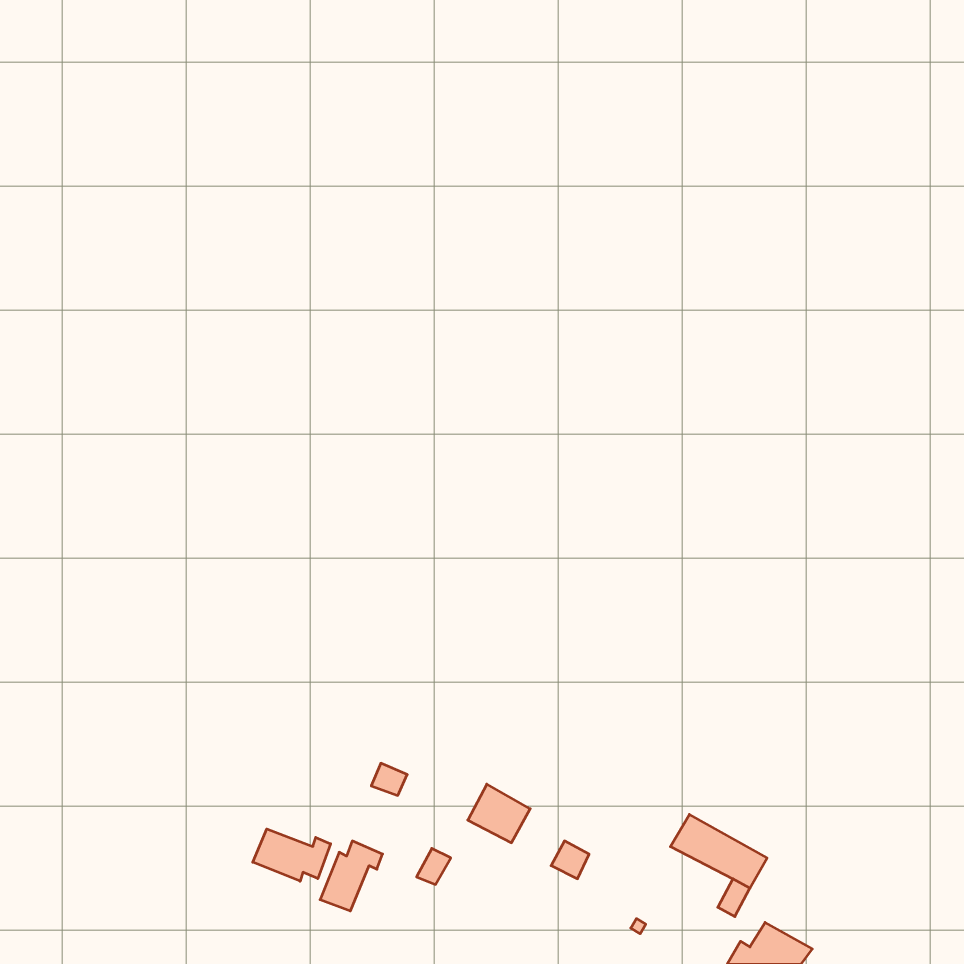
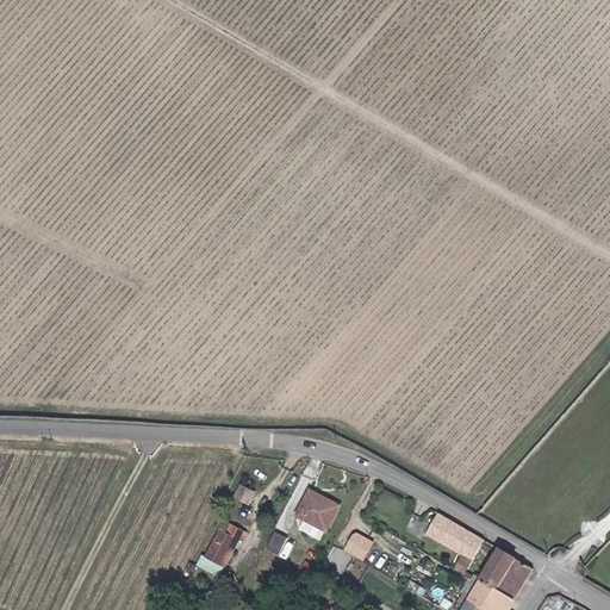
building: [253,829,331,881] -> none
building: none -> [481,549,530,597]

